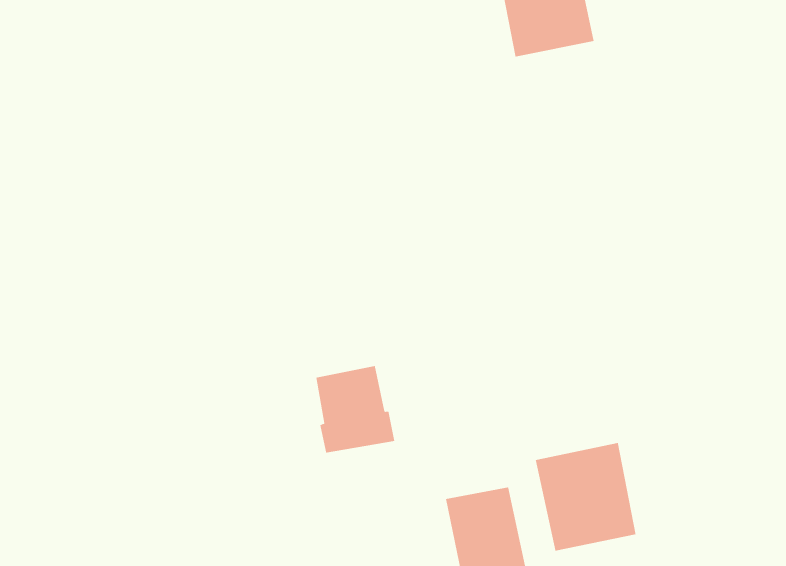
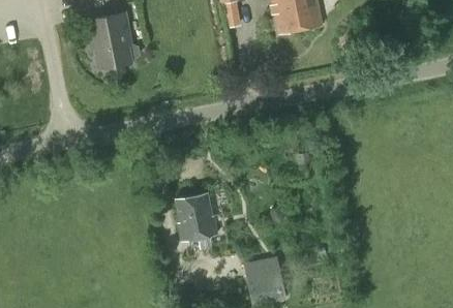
building: none -> [87,13,140,68]
building: [535,442,636,551] -> none

